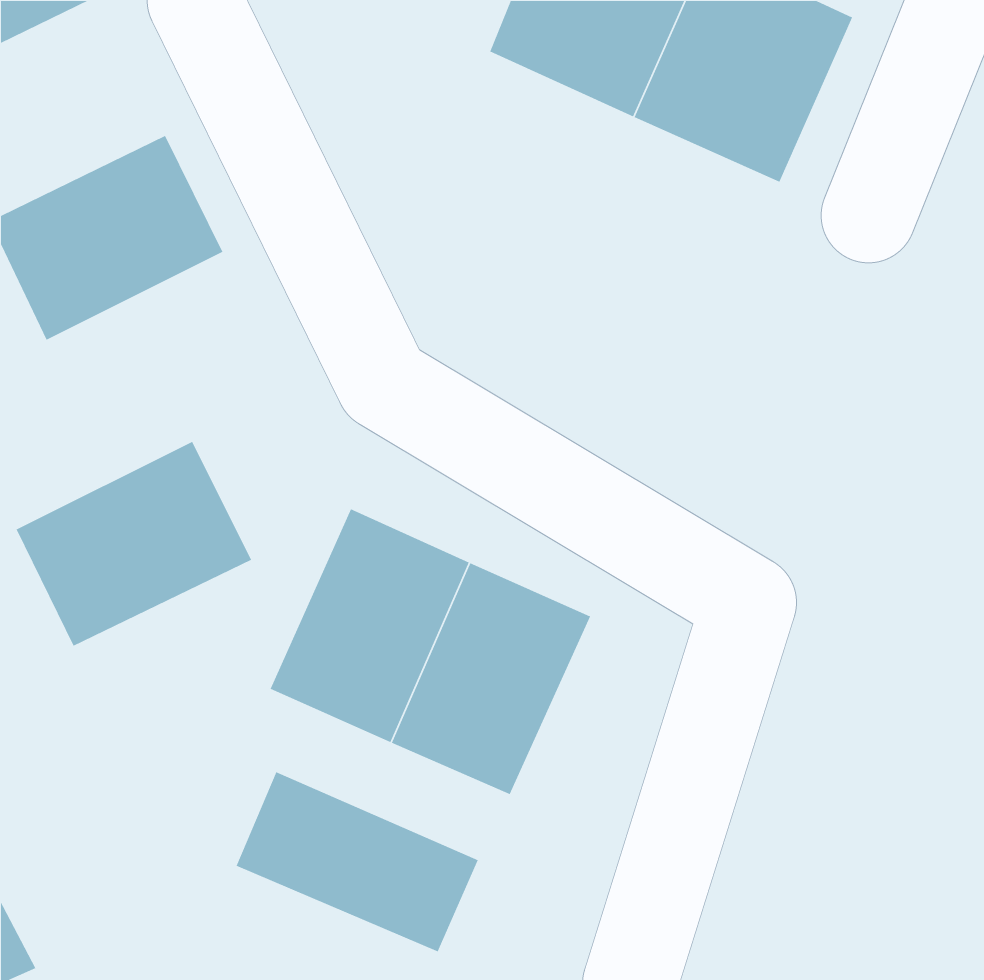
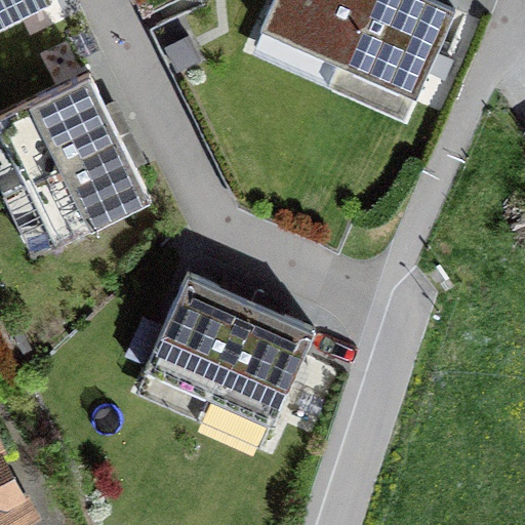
building: [15,441,252,647] -> [25,136,151,246]
building: [235,771,479,953] -> none

